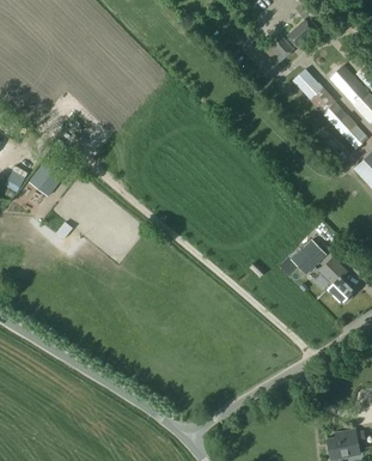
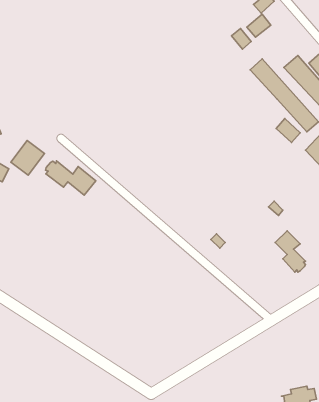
building: none -> [45,161,96,195]
building: [291,239,327,275] -> none

